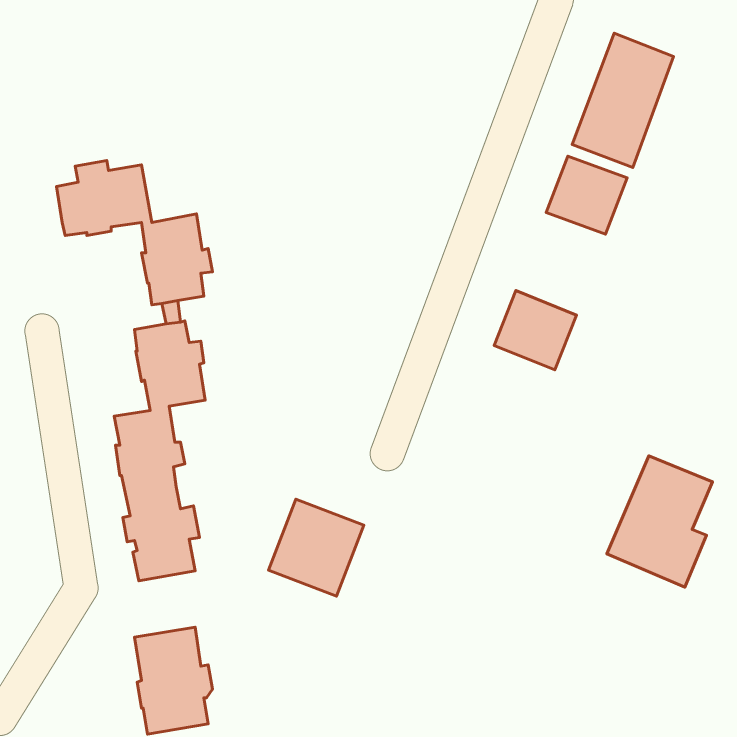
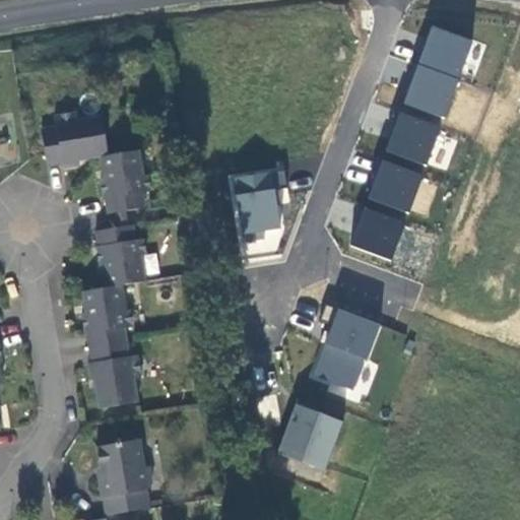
building: none -> [367,157,424,212]
building: none -> [228,165,286,257]
building: [607,456,712,587] -> [310,307,384,399]
building: [268,499,364,596] -> [277,401,344,469]

